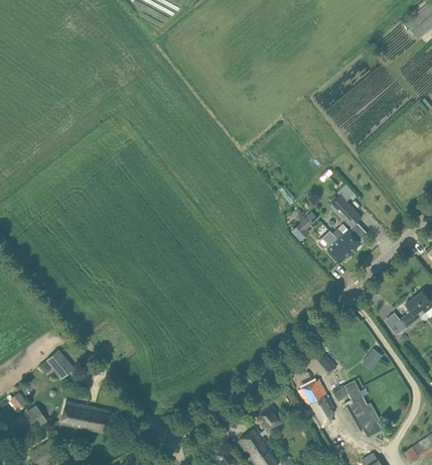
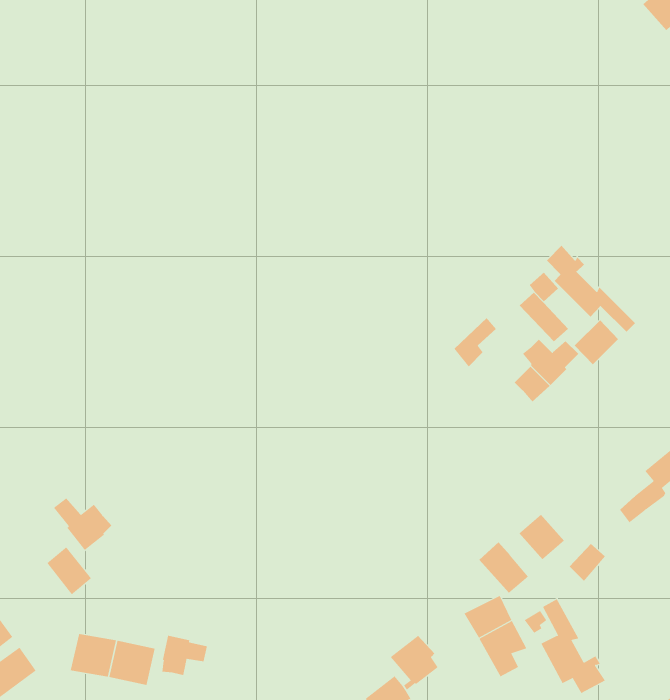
building: none -> [546,245,636,332]
building: none -> [574,319,619,365]
building: none -> [53,497,112,551]
building: none -> [518,514,565,560]
building: none -> [162,635,208,676]

